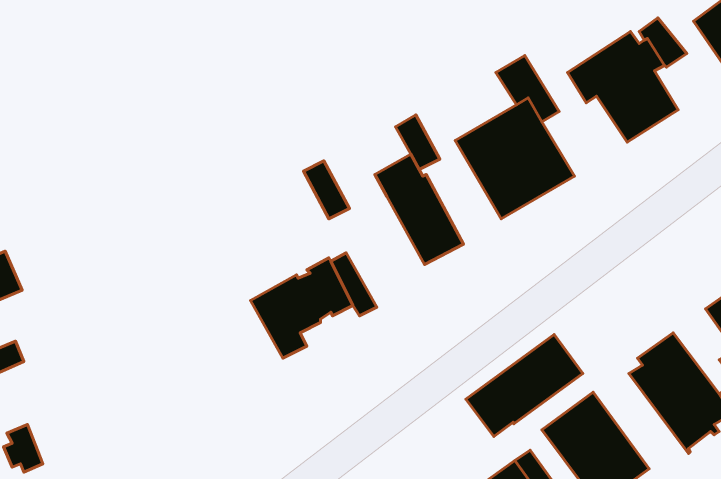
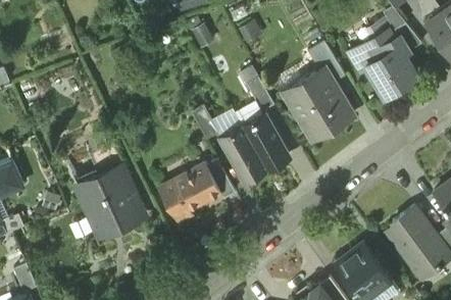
building: none -> [219,128,264,181]
building: none -> [67,148,143,235]
building: [466,334,583,436] -> none

